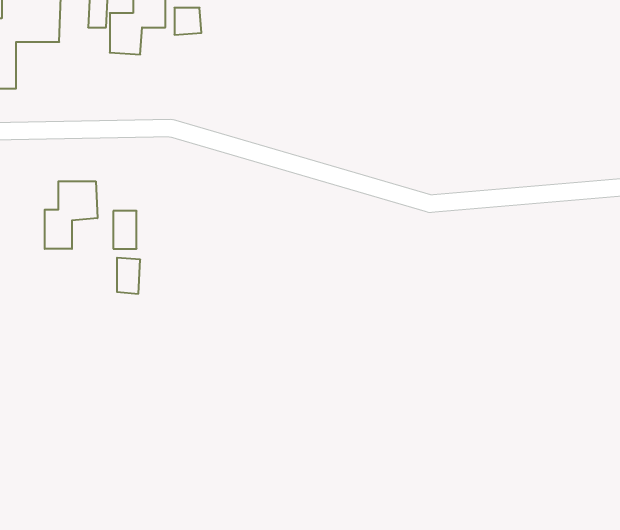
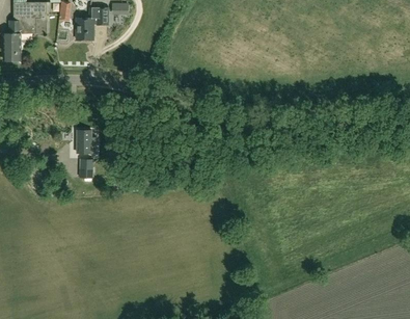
building: [45,181,97,249] -> none

